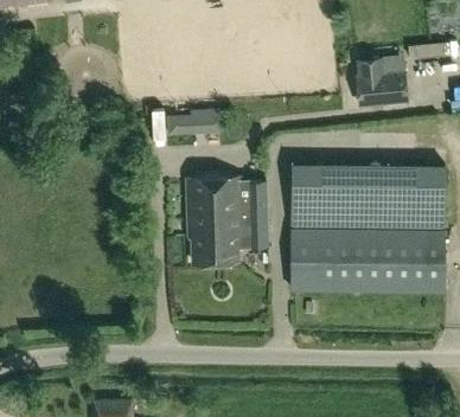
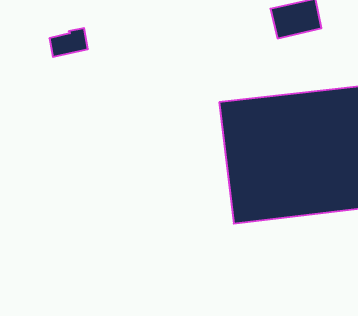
building: [168,109,207,135] -> [49,28,88,57]
building: [189,179,269,263] -> none

